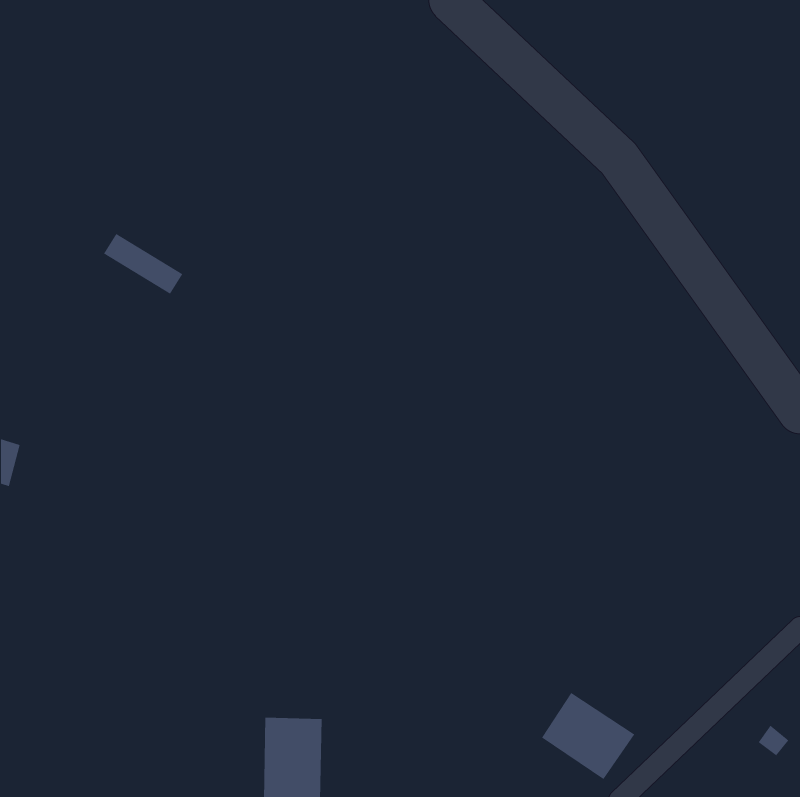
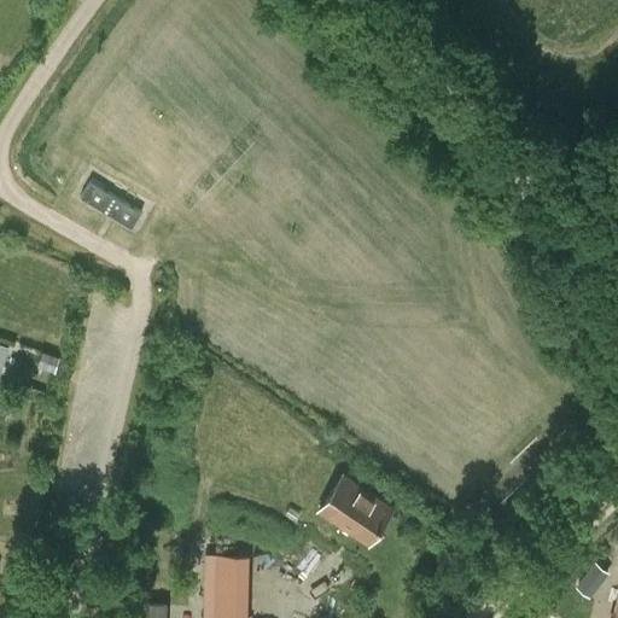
building: [541,692,635,780] -> [320,478,392,546]

